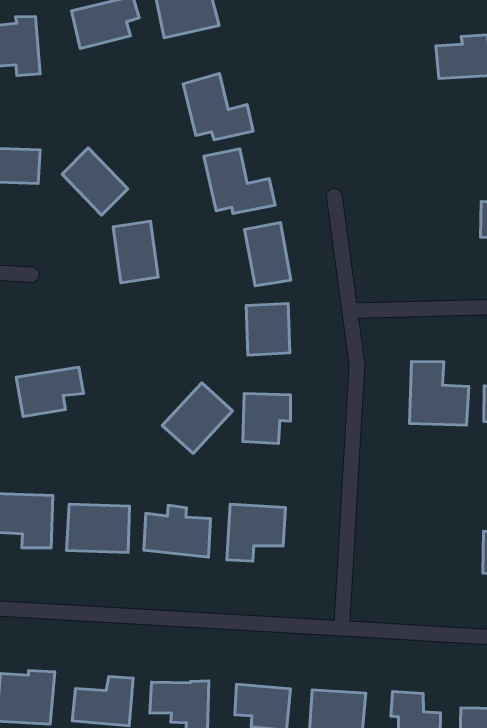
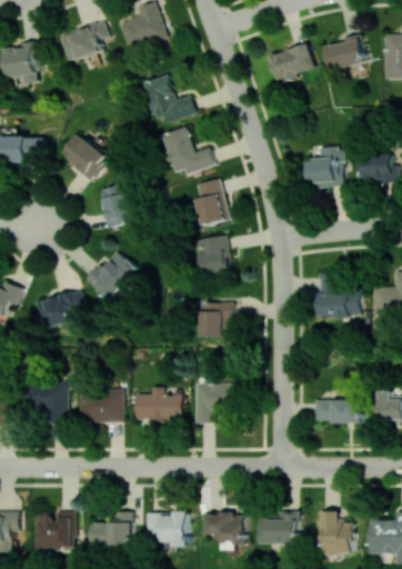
building: none -> [268,43,313,81]
building: none -> [302,146,344,188]
building: [162,383,233,454] -> [84,249,134,300]
building: none -> [313,399,361,422]

